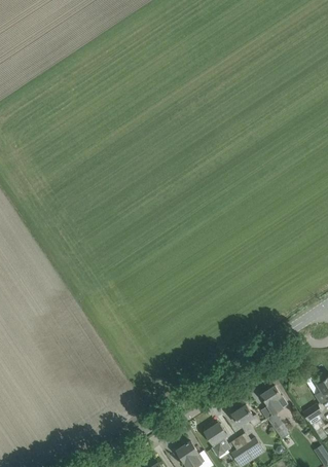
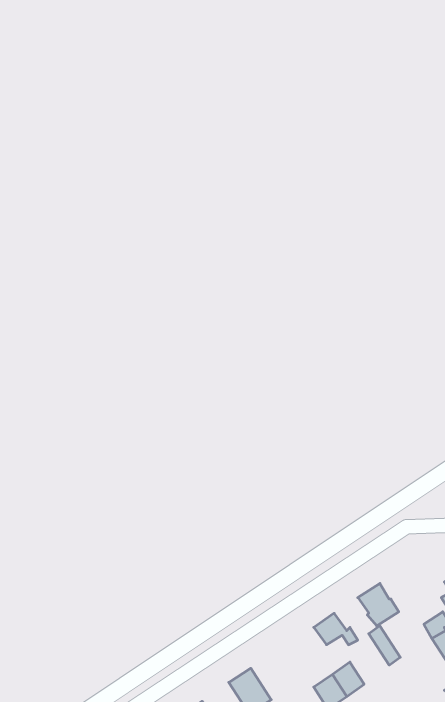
building: [205,423,230,458] -> none

